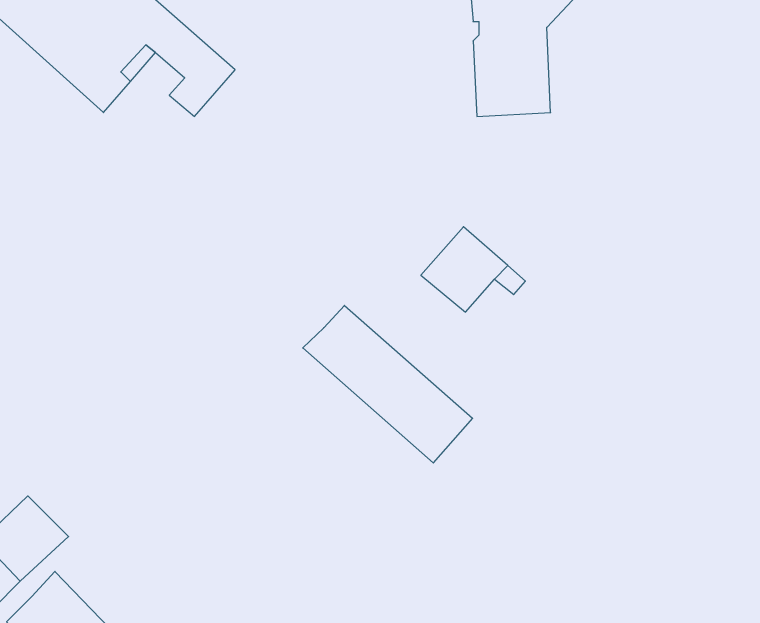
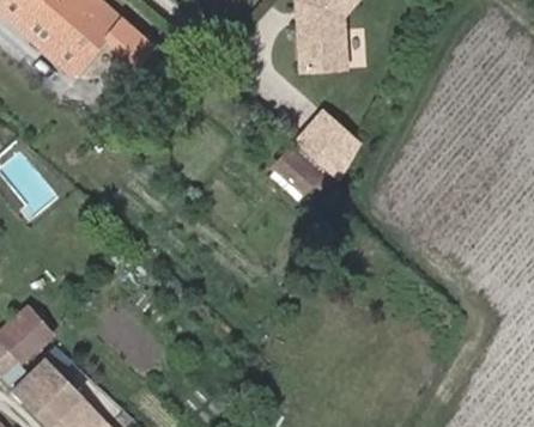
building: none -> [297,111,358,178]
building: [303,305,473,463] -> none

